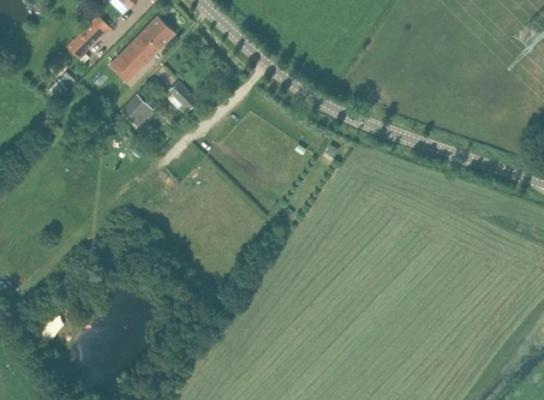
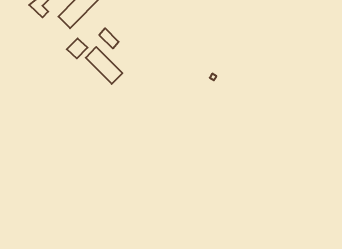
building: none -> [86,47,122,84]

